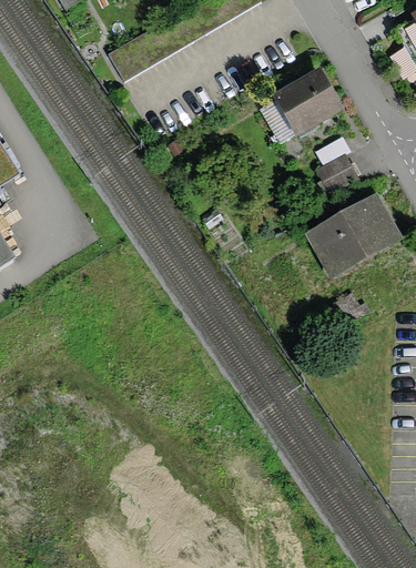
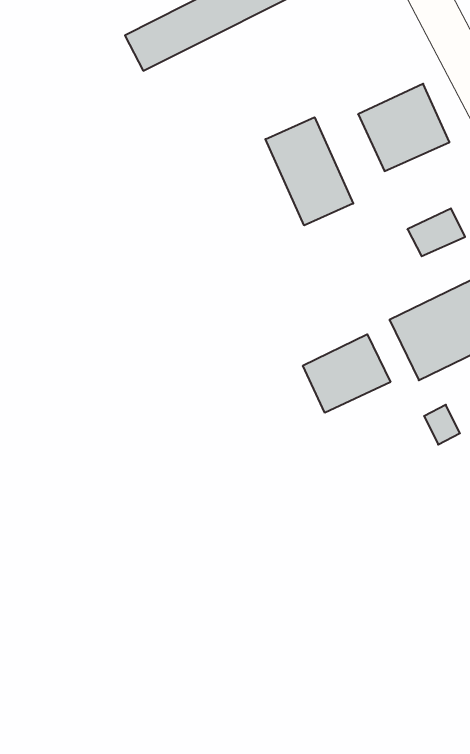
building: none -> [265,117,353,225]
building: none -> [303,334,390,413]

